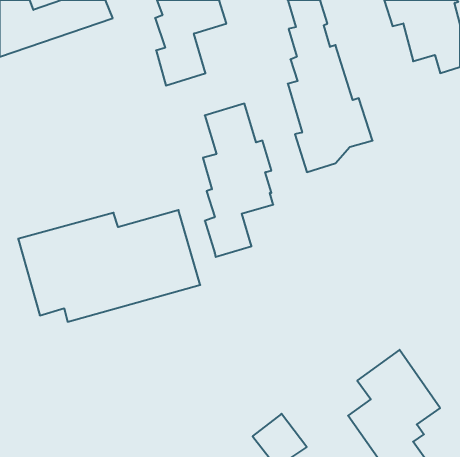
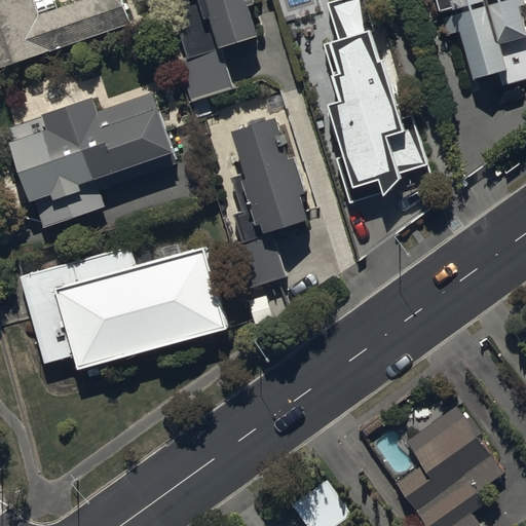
building: none -> [8,92,175,227]

